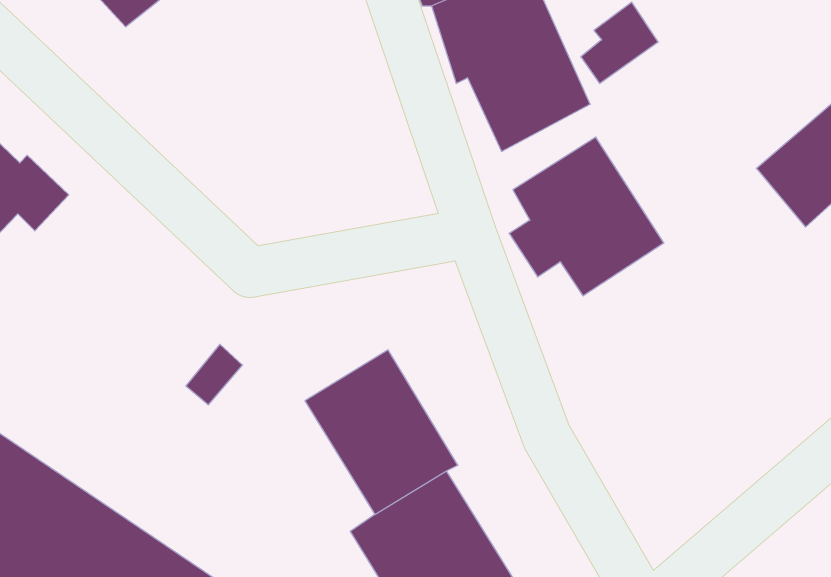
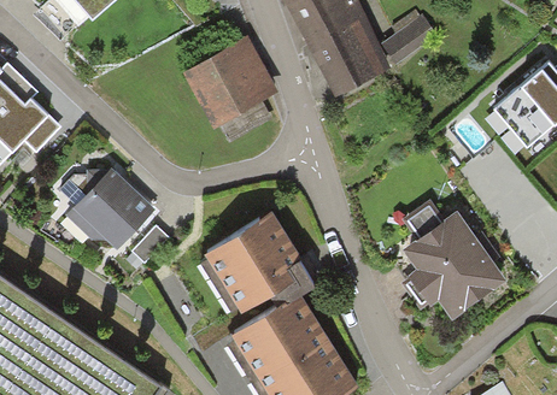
building: none -> [183,39,277,137]
building: [509,137,664,296] -> [397,207,496,308]
building: none -> [68,167,159,255]

